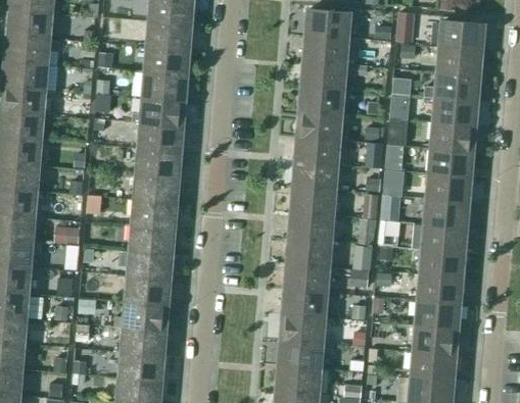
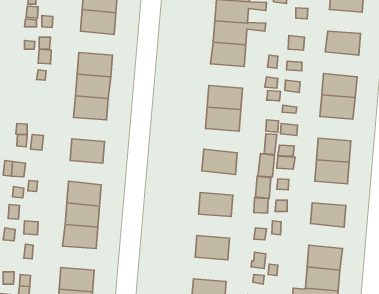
building: [439,48,480,77] -> none
building: [144,73,186,102] -> none
building: [434,98,476,128] -> none
building: [298,112,340,141] -> none
building: [428,174,469,203] -> none
building: [136,175,177,204] -> none
building: [292,189,334,217] -> none
building: [132,226,173,255] -> none
building: [288,239,330,267] -> none
building: [421,251,463,280] -> none
building: [284,290,325,318] -> none
building: [417,301,459,331] -> none
building: [123,328,164,356] -> none
building: [280,341,321,369] -> none

